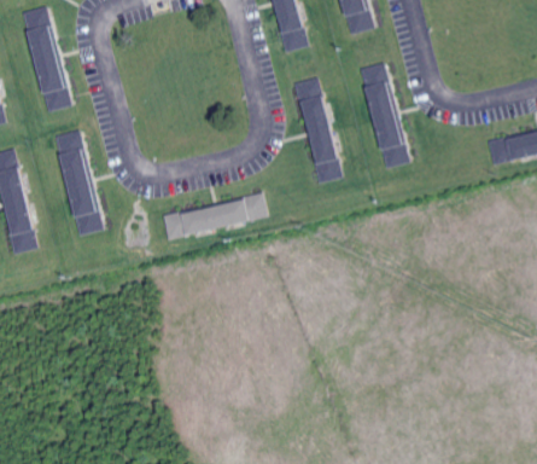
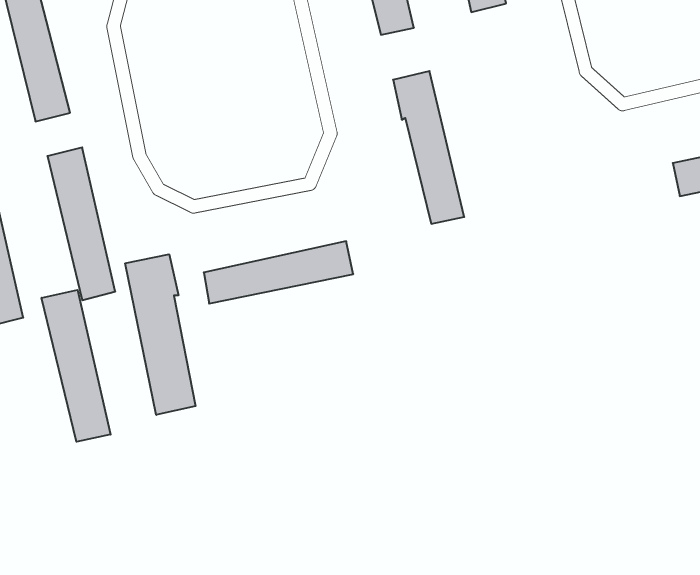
building: [362,63,408,168] -> none
building: none -> [125,254,196,415]
building: none -> [42,290,111,442]

